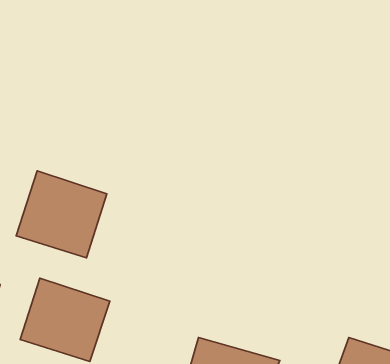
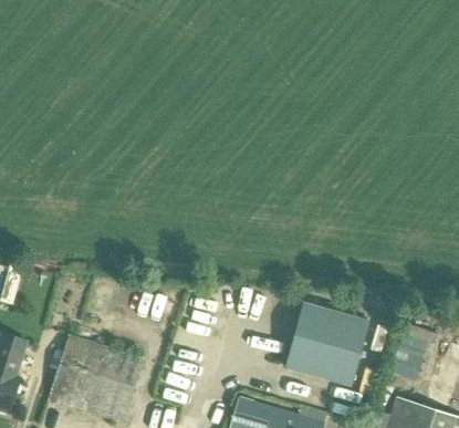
building: [16,171,107,258] -> none
building: none -> [285,303,369,387]

